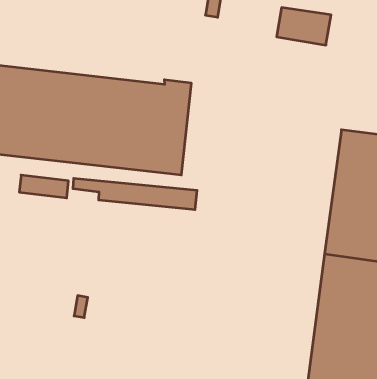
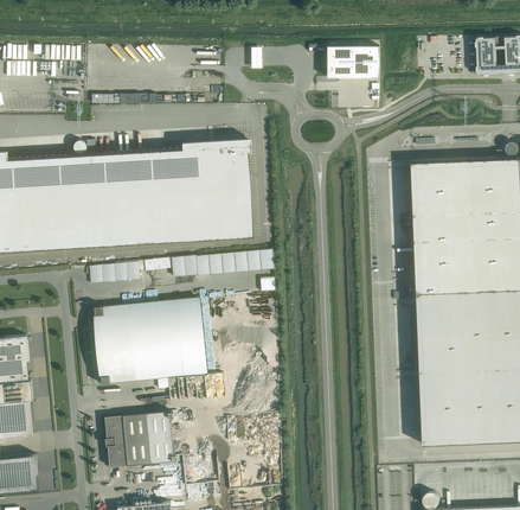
building: none -> [94,300,207,385]
building: none -> [104,412,175,467]

